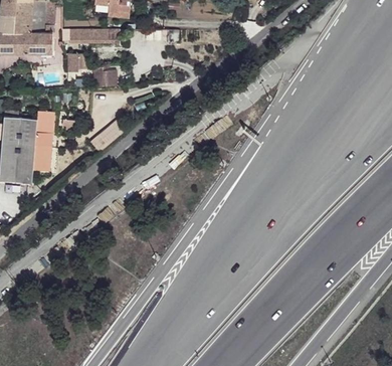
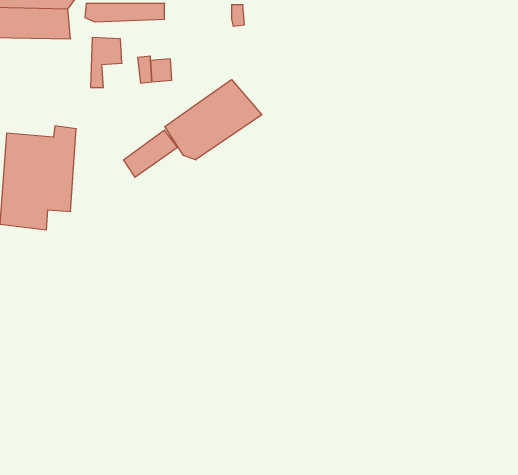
building: none -> [165,80,262,160]

